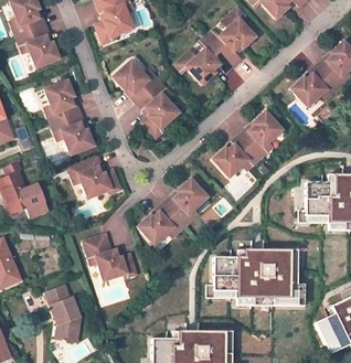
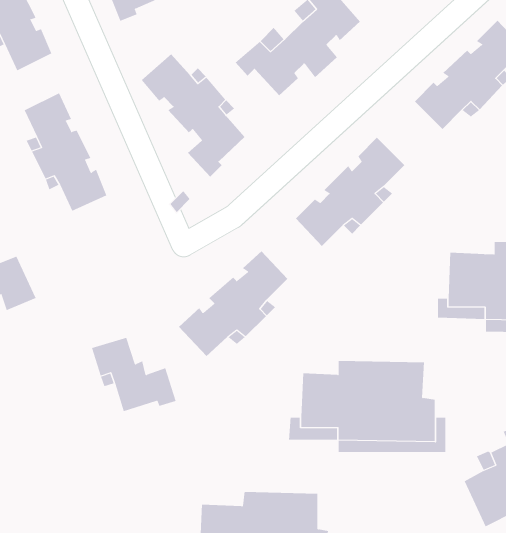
building: [65,159,118,201] -> none
building: [46,284,81,342] -> none

